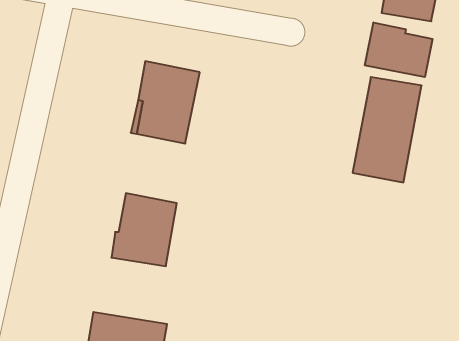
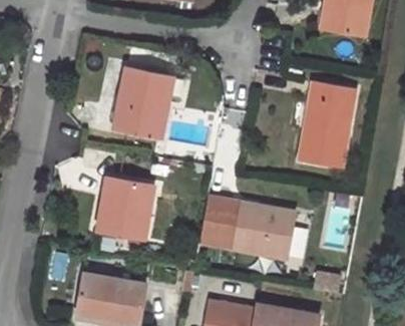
building: [365,22,432,77] -> none
building: none -> [199,198,294,256]

